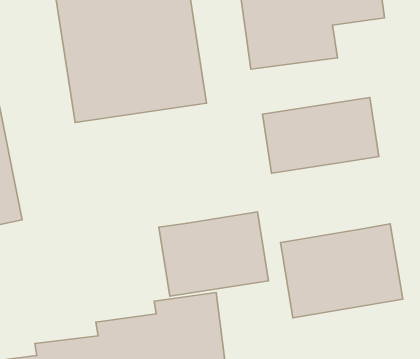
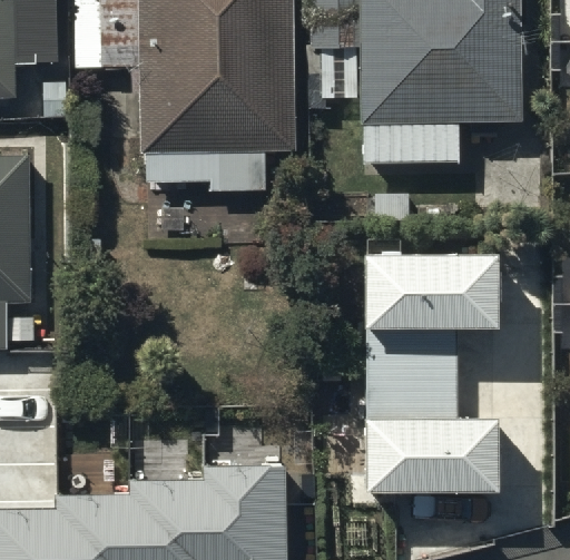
building: none -> [363,308,453,393]
building: [159,212,268,296] -> none

